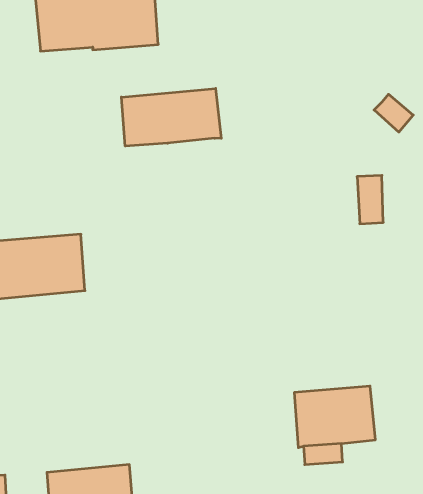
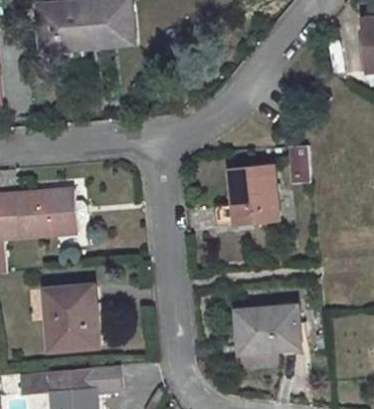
building: [121,88,221,146] -> none
building: none -> [212,164,278,226]
building: none -> [45,284,104,350]

